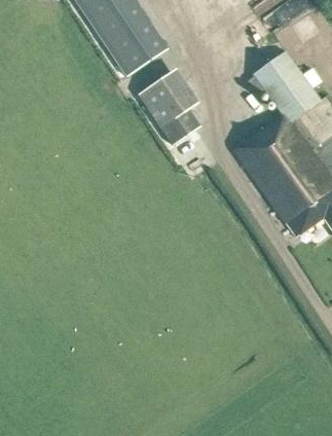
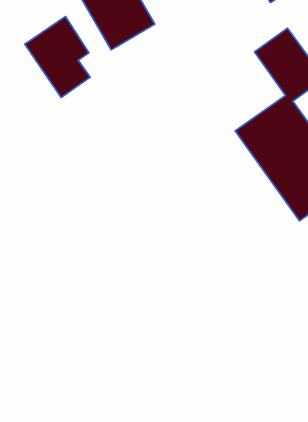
building: [140,69,202,147] -> [25,16,90,98]

